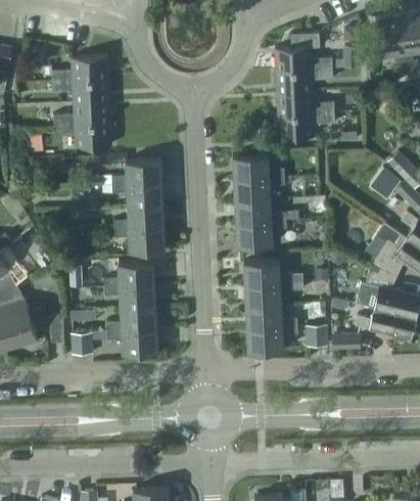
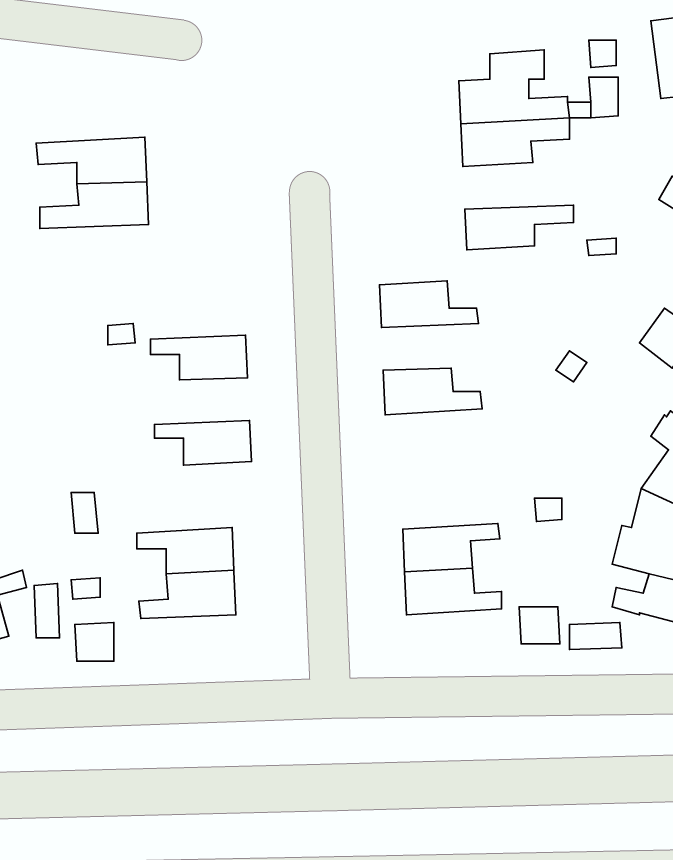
building: [51,56,108,82] -> none
building: [276,92,334,117] -> none
building: [53,125,111,147] -> none
building: [111,161,161,185] -> none
building: [233,177,284,201] -> none
building: [113,206,164,230] -> none
building: [235,222,286,246] -> none
building: [243,260,294,285] -> none
building: [103,262,154,287] -> none
building: [246,327,297,352] -> none
building: [106,330,157,354] -> none

